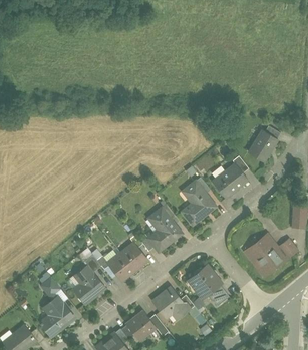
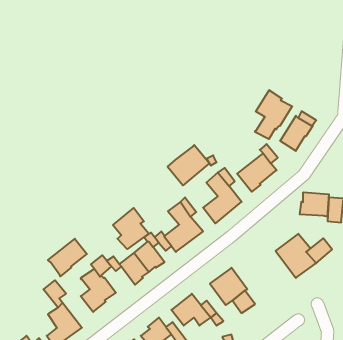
building: none -> [255,90,292,139]
building: none -> [168,145,209,185]
building: none -> [300,192,329,217]
building: none -> [113,208,149,249]
building: none -> [48,239,87,276]

